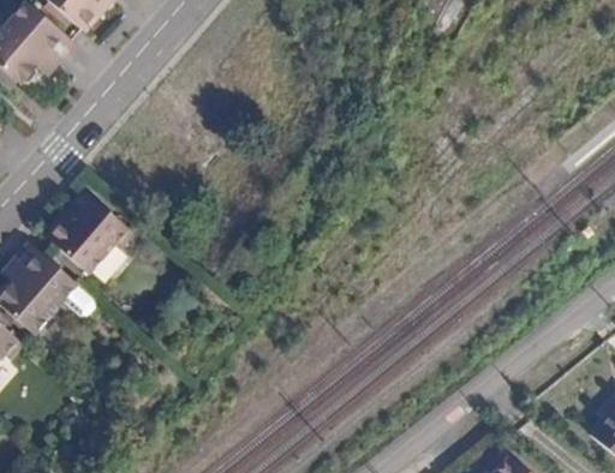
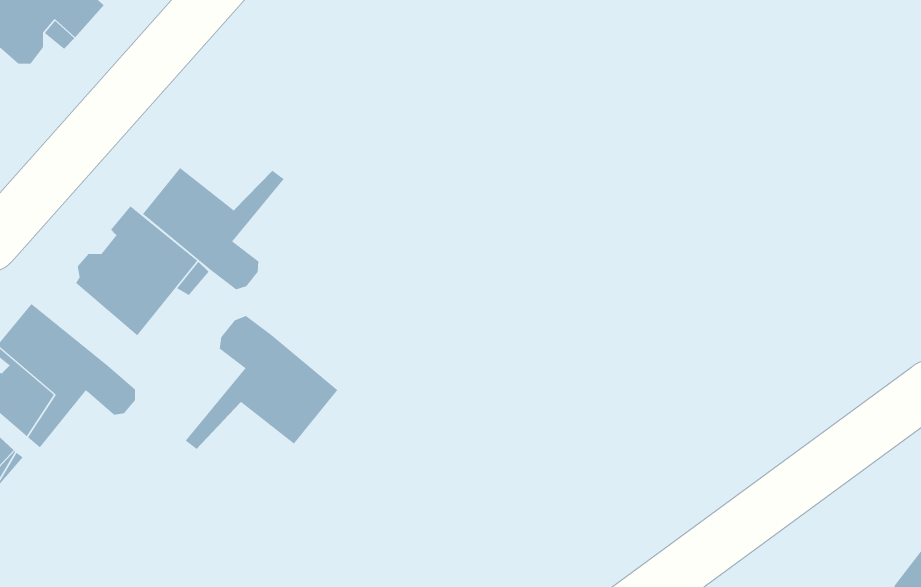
building: none -> [142,167,285,290]
building: none -> [185,315,338,450]

